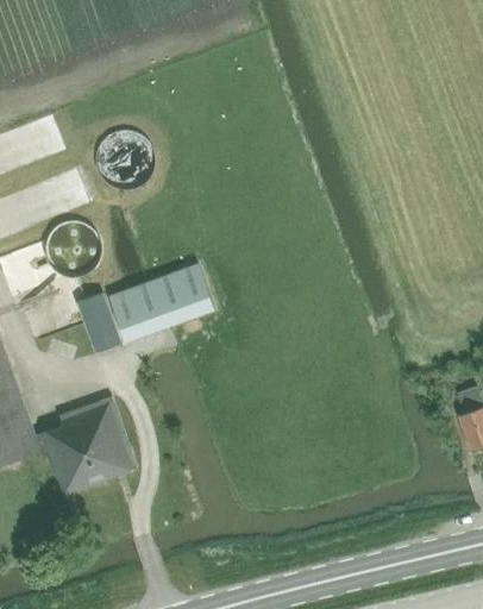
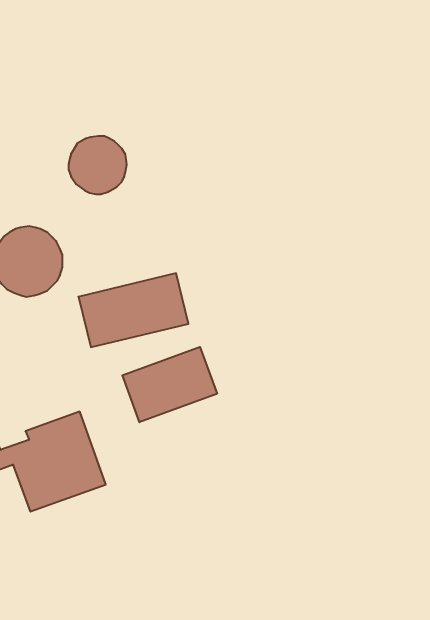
building: [76,294,120,353] -> none
building: none -> [122,347,217,422]

